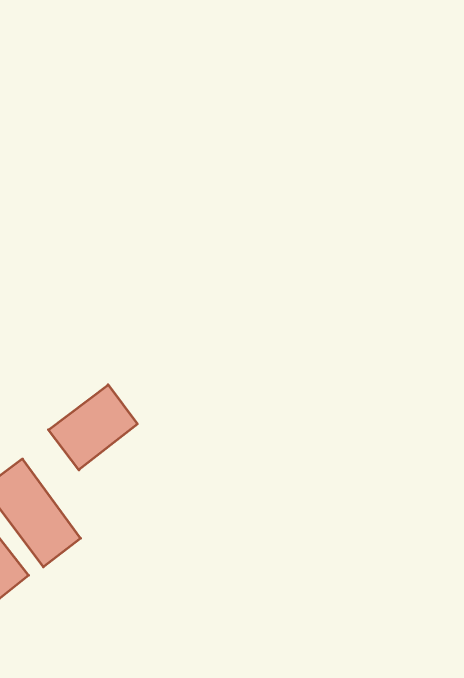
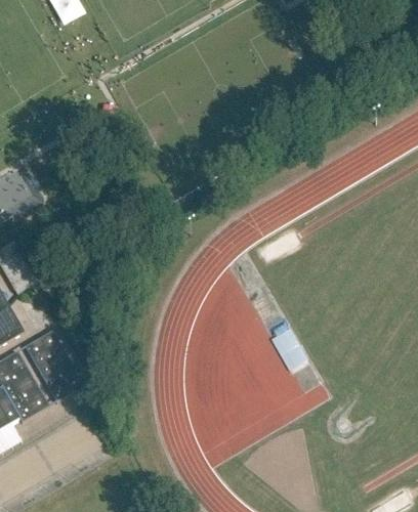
building: [48,385,137,470] -> none

